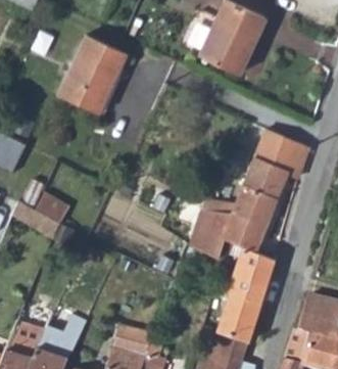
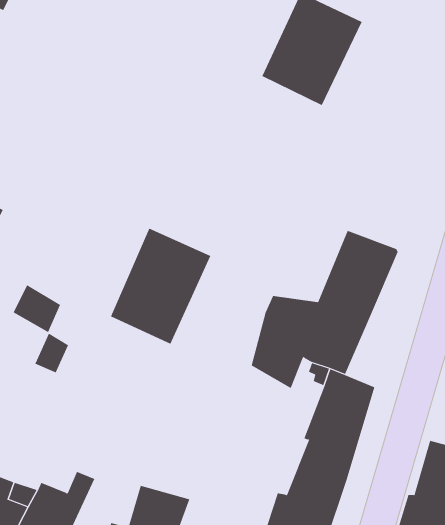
building: [59,40,126,117] -> [110,228,211,344]
building: [254,129,308,175] -> none

